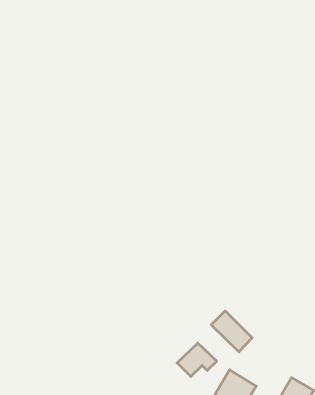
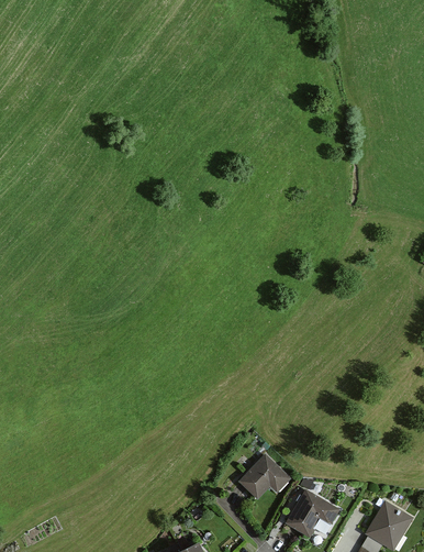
building: [211,311,252,352] -> none

